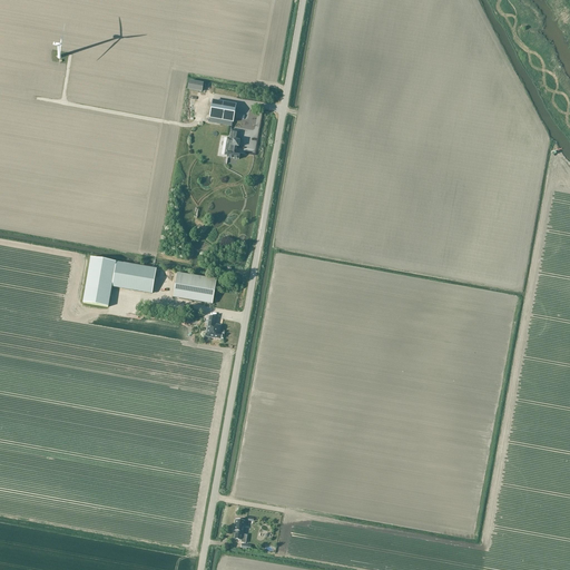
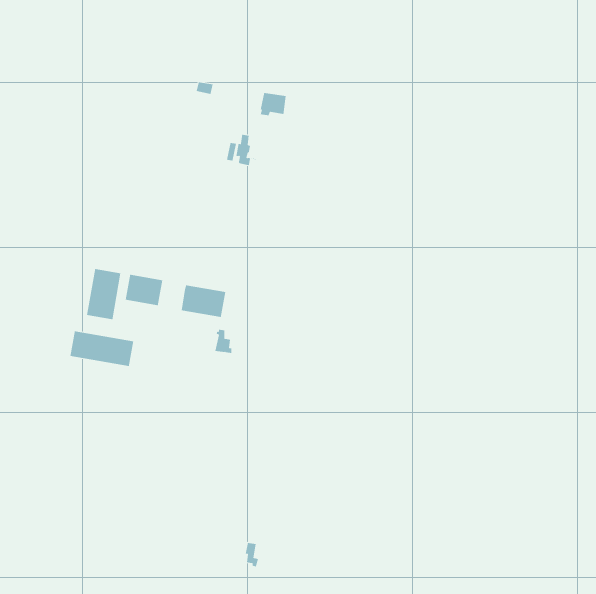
building: [209,99,235,121] -> [260,92,287,116]
building: none -> [70,330,134,367]

